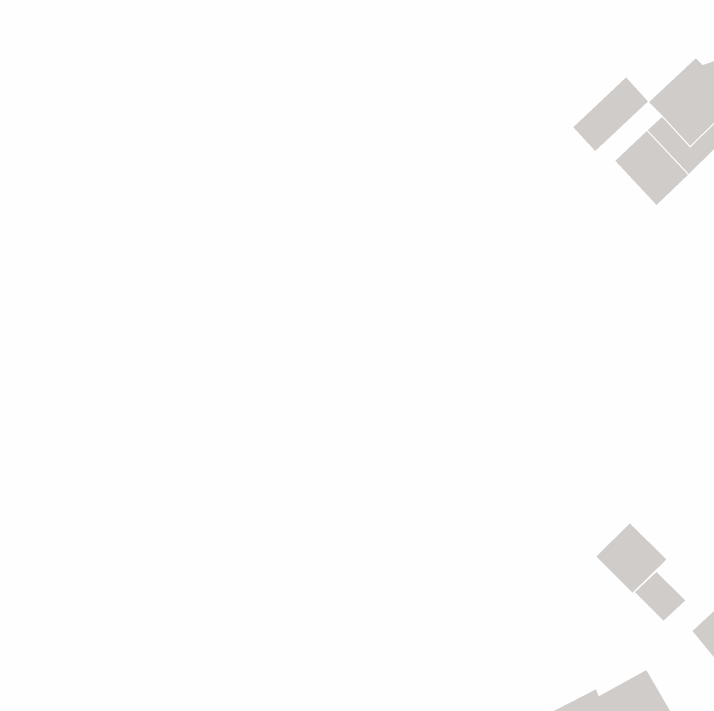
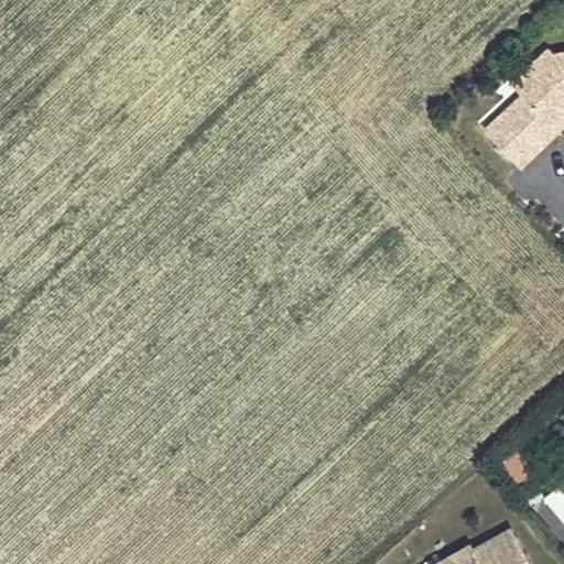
building: [572,77,649,152] -> none
building: [595,523,667,594] -> none

